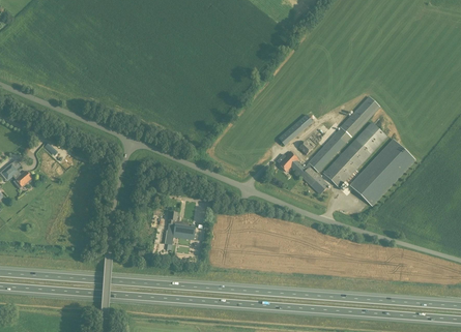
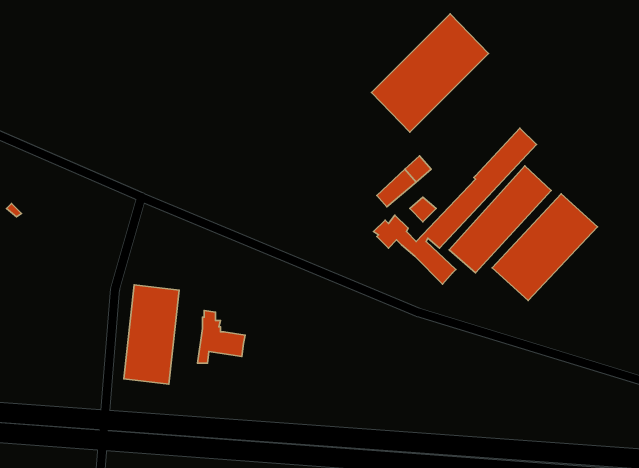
building: none -> [371,14,489,132]
building: none -> [124,285,179,384]

